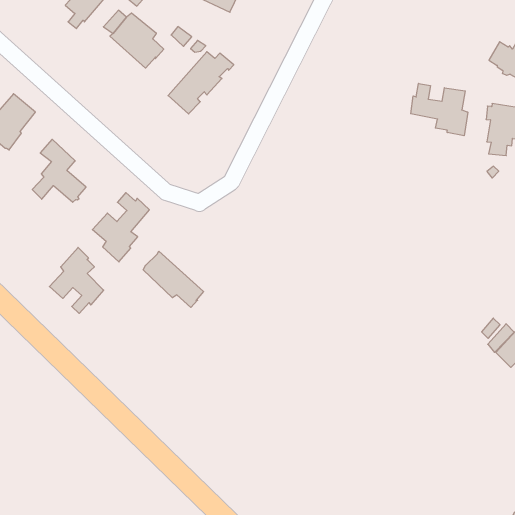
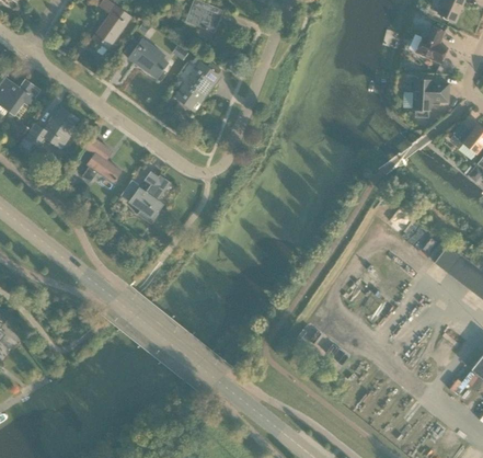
building: [411,83,468,136] -> none
building: [49,247,104,313] -> none
building: [143,251,204,307] -> none

